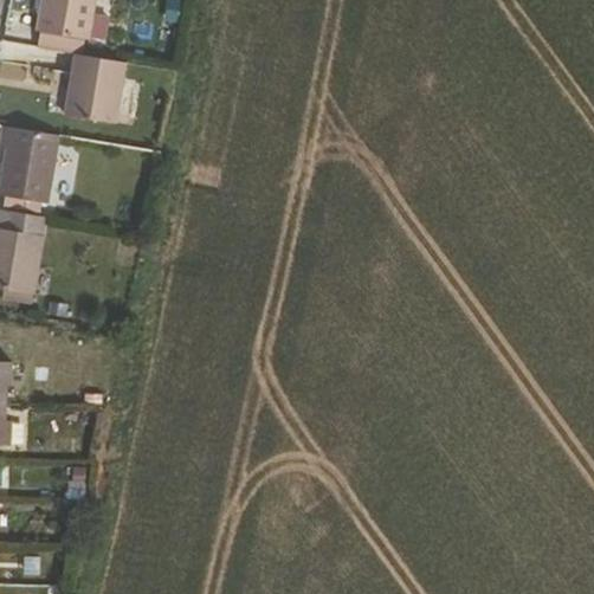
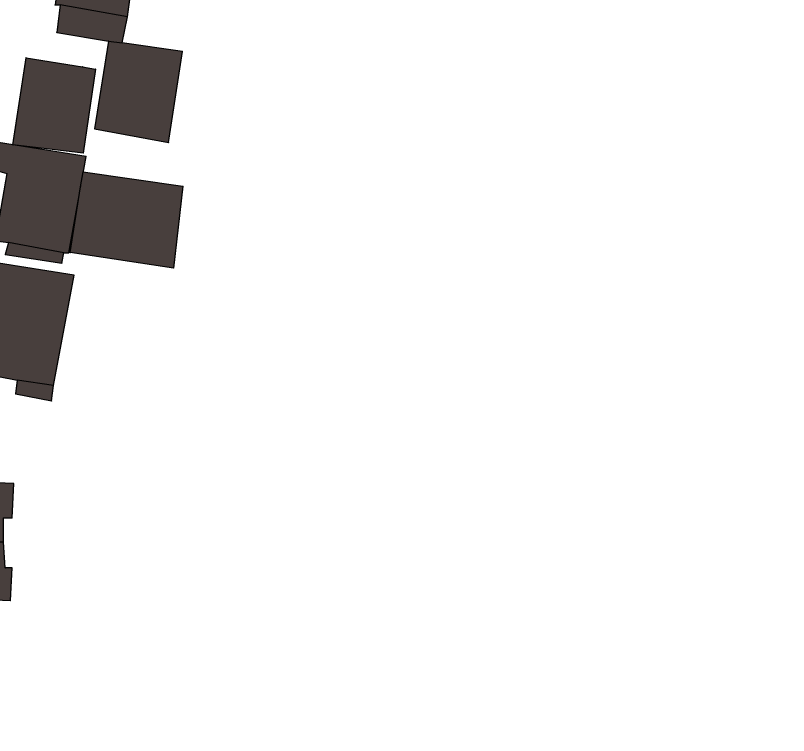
building: none -> [13,58,95,153]
building: none -> [70,172,183,268]

